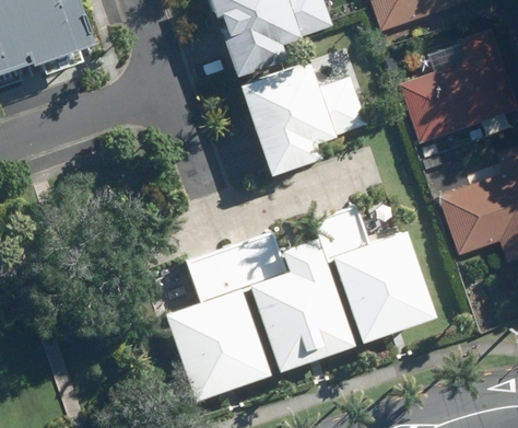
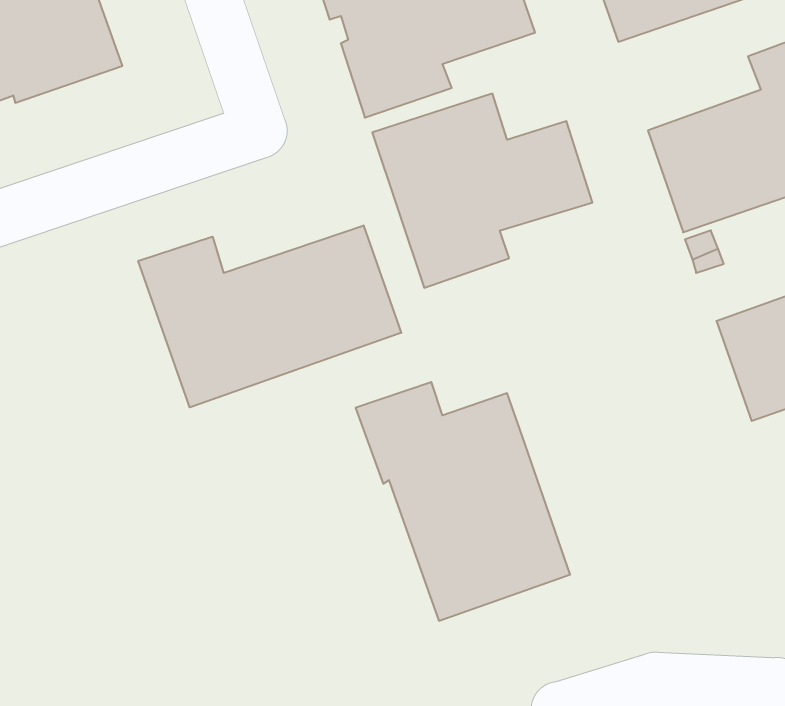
building: none -> [138,225,401,407]
building: [314,205,434,344] -> none
building: [163,247,268,403] -> none

